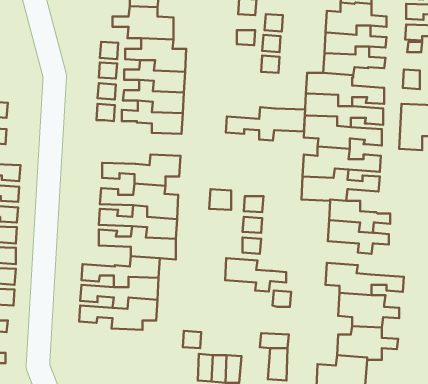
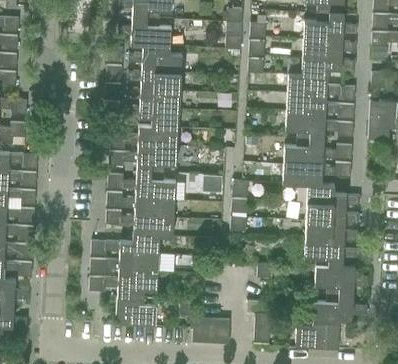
building: [226,107,305,141] -> [109,126,178,155]
building: [225,258,286,292] -> [304,221,357,250]
building: none -> [116,297,156,327]

